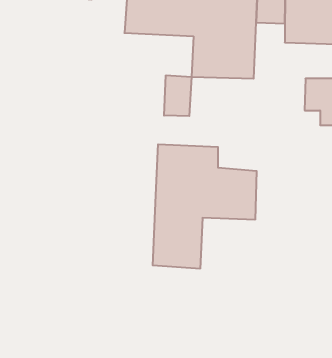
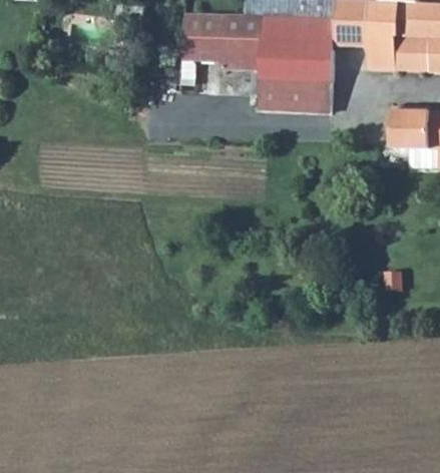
building: [164,75,192,116] -> none
building: [153,144,257,269] -> none

